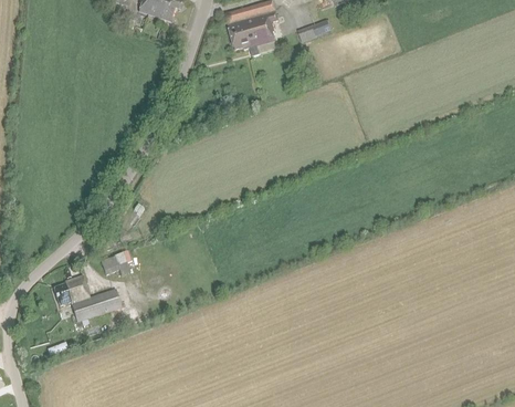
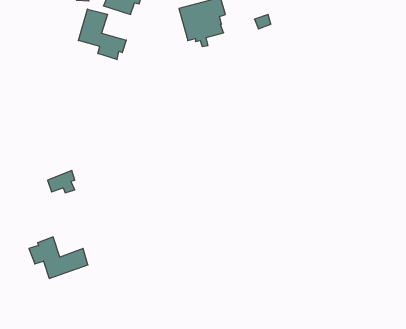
building: none -> [78,9,126,60]
building: [102,249,133,274] -> [48,171,75,193]

